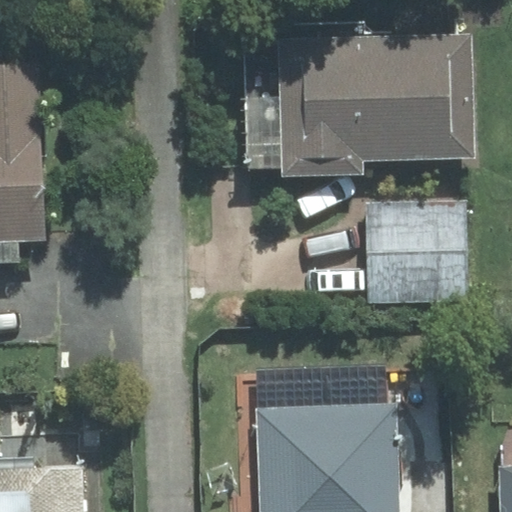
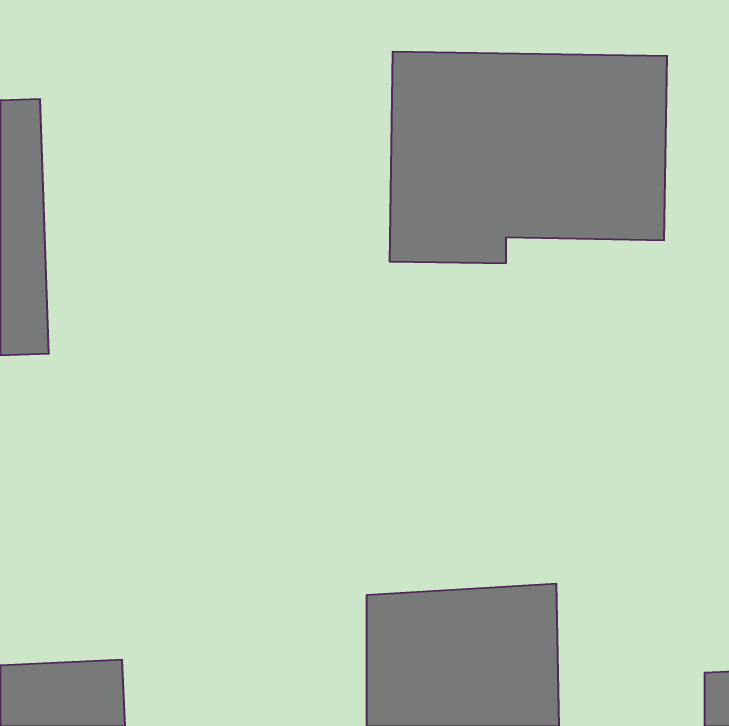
building: [366,197,468,301] -> none

